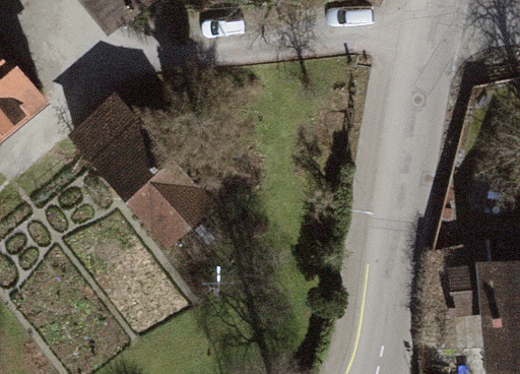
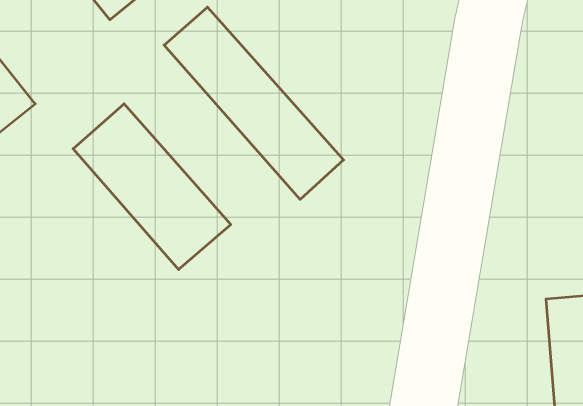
building: none -> [164,7,344,199]

